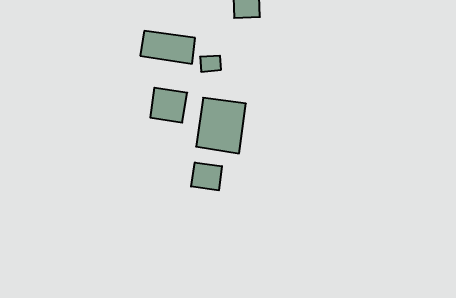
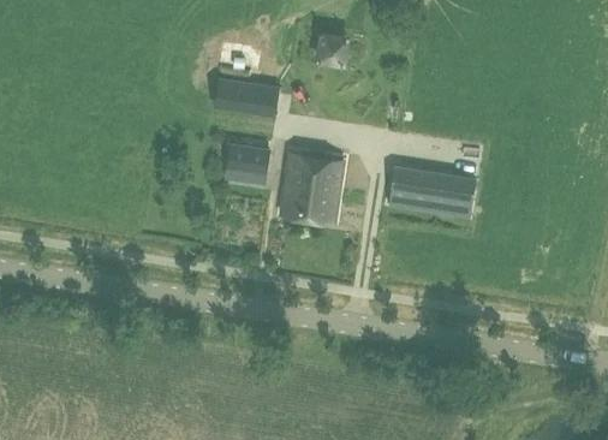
building: none -> [388,167,475,219]
building: [191,162,222,190] -> none

